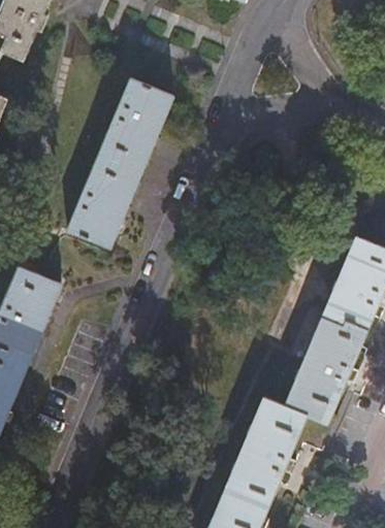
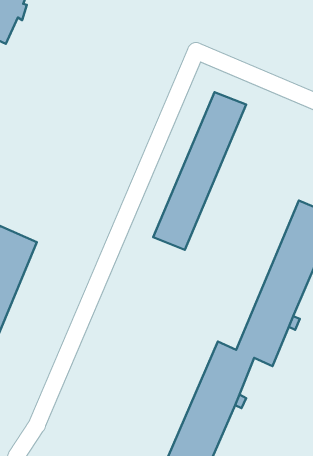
building: [65,78,172,249] -> none
building: none -> [153,92,246,250]

